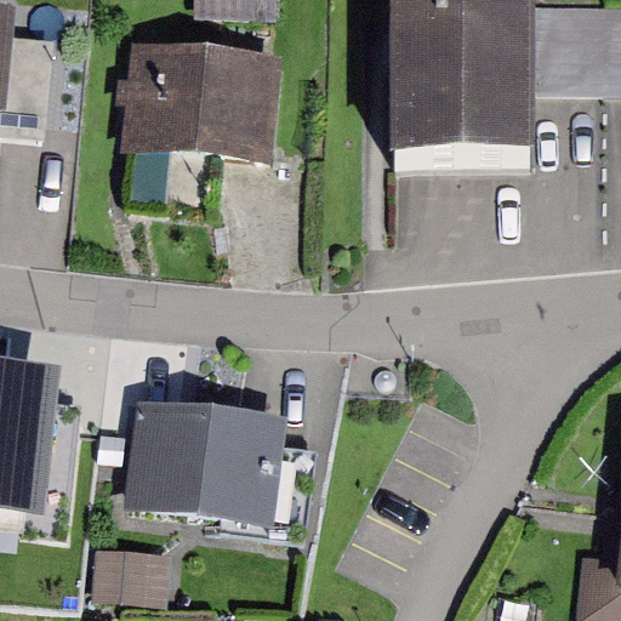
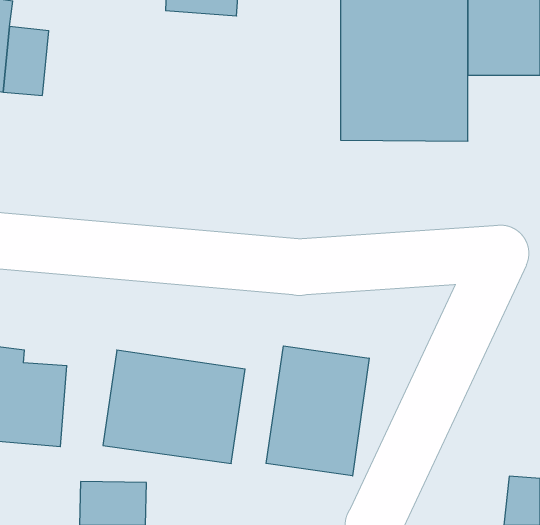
building: [120,35,281,158] -> none
building: none -> [266,346,369,476]

